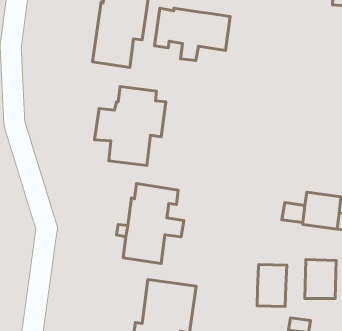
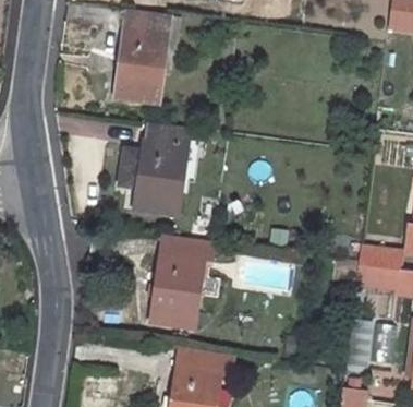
building: [155,8,230,61] -> none
building: [257,264,287,306] -> none

